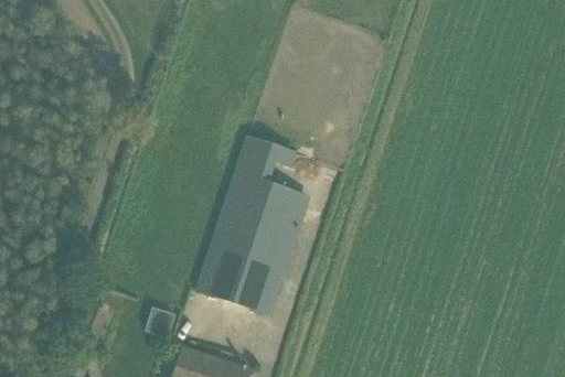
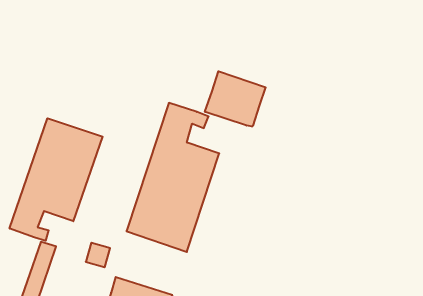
building: none -> [205,71,266,127]
building: none -> [10,118,103,241]

